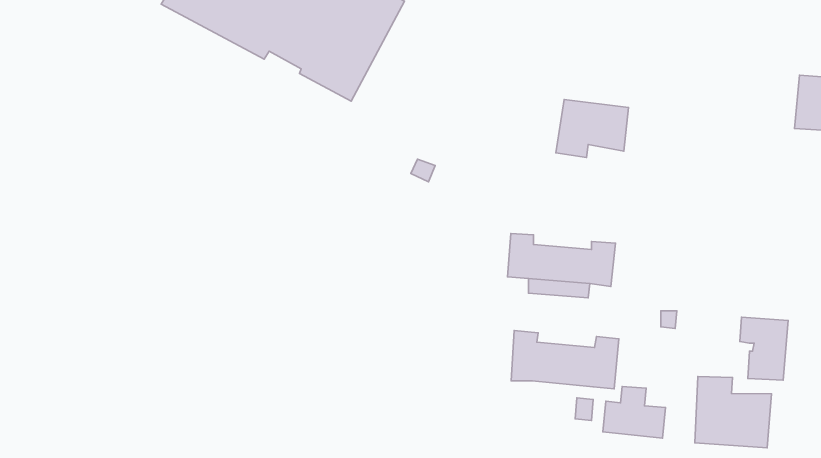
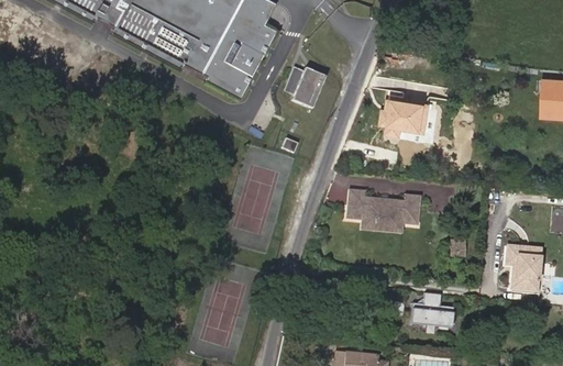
building: none -> [285,67,324,108]
building: [511,330,619,389] -> none
building: [695,376,772,448] -> none

